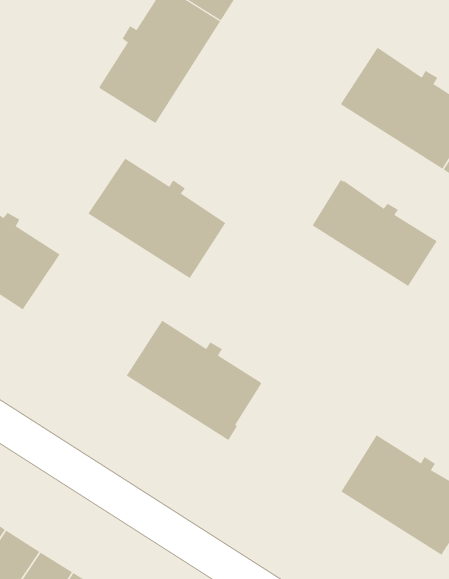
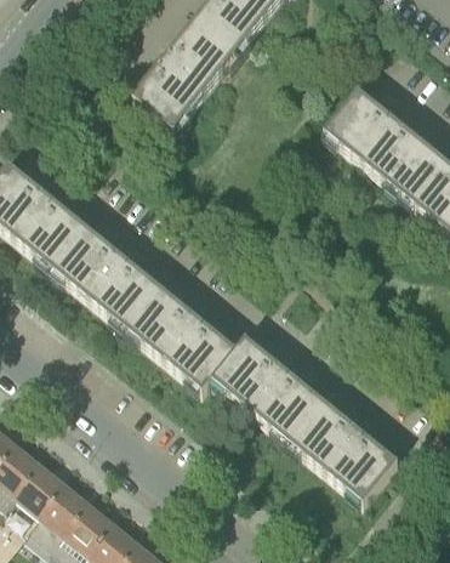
building: [87,158,226,279] -> [50,226,160,329]
building: [312,179,437,287] -> none
building: none -> [210,336,321,442]

